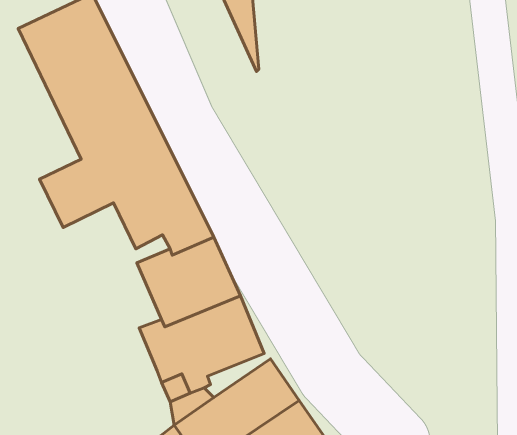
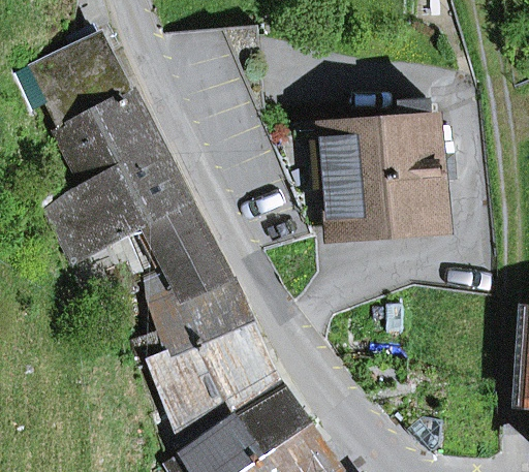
building: none -> [277,104,457,237]

